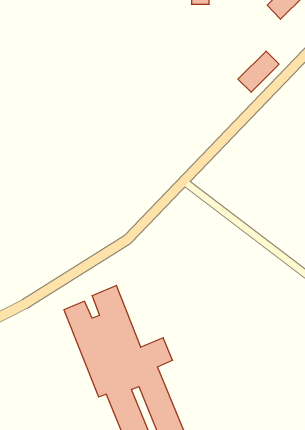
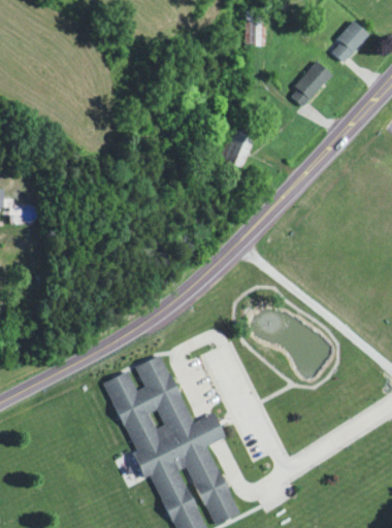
building: [238,51,279,92] -> [288,61,333,106]
building: none -> [218,127,255,168]

